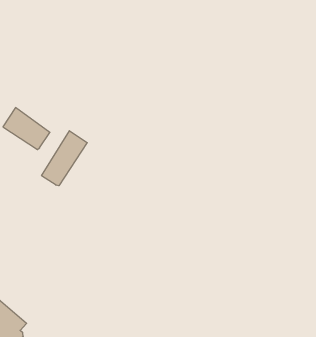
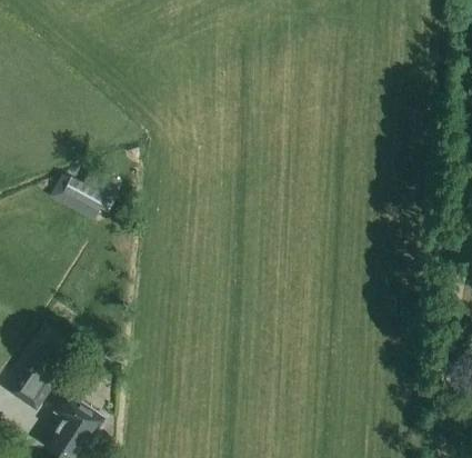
building: [42,131,87,186] -> none

